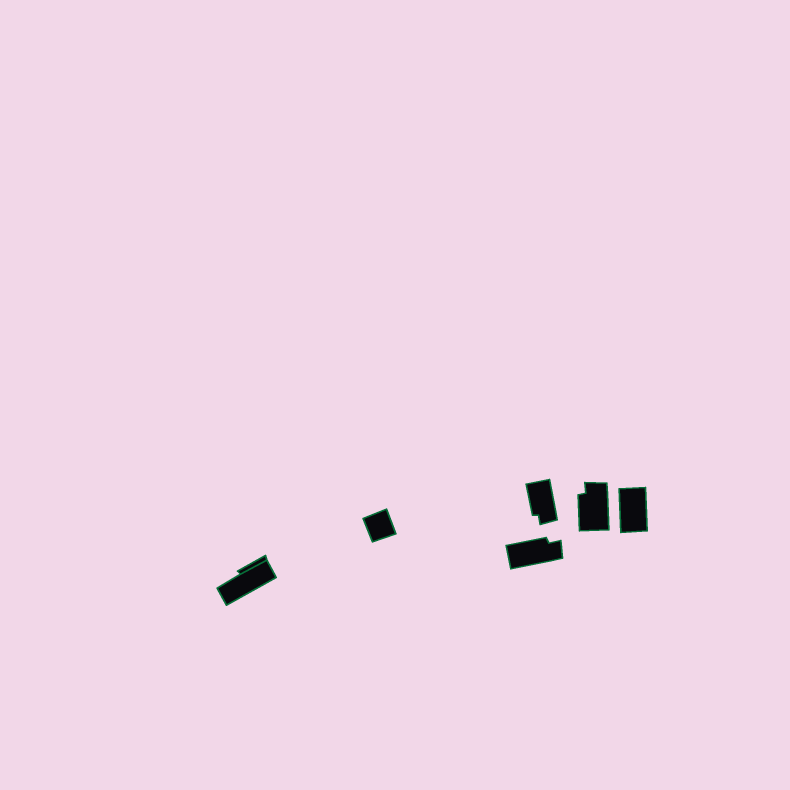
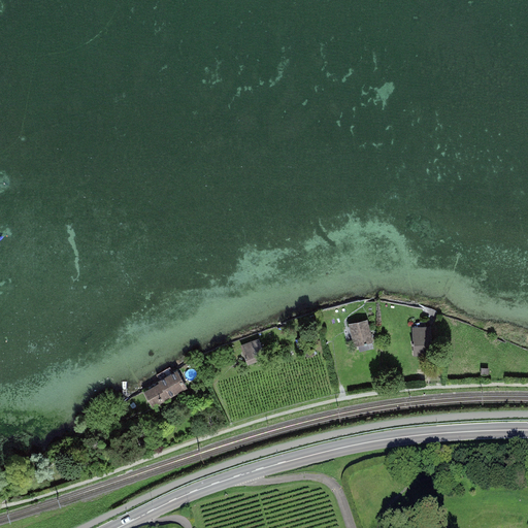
building: [578,483,609,531] -> none
building: [506,538,563,569] -> none

